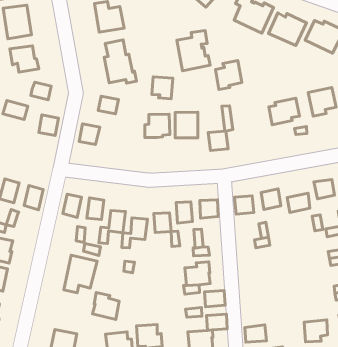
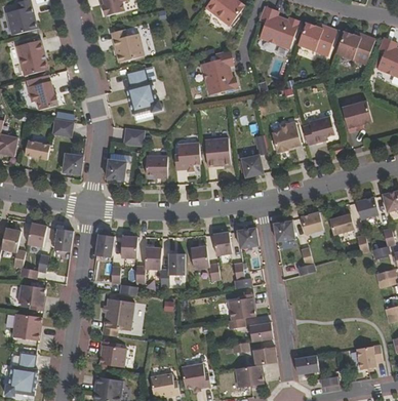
building: [216,61,242,89] -> [272,121,301,153]
building: [152,77,173,99] -> [146,156,166,177]
building: [93,292,119,319] -> [98,340,125,367]

